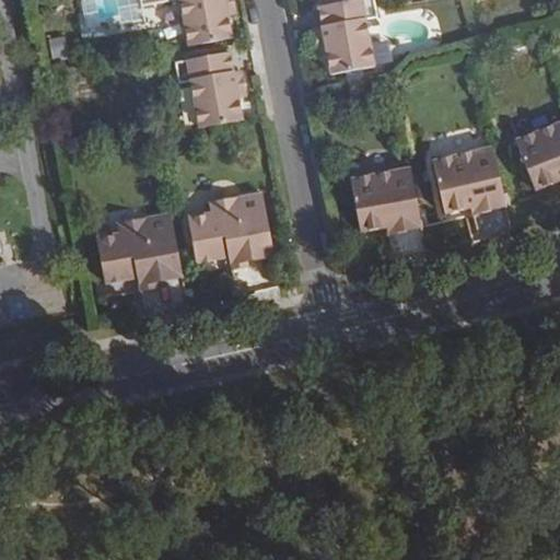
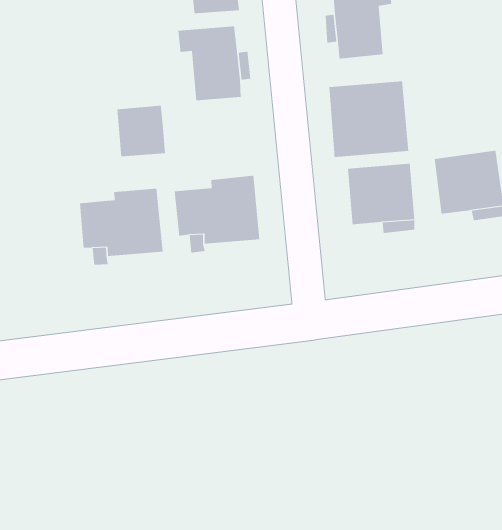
building: none -> [329,80,409,158]
building: none -> [117,105,166,157]

